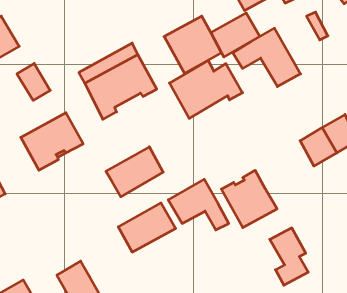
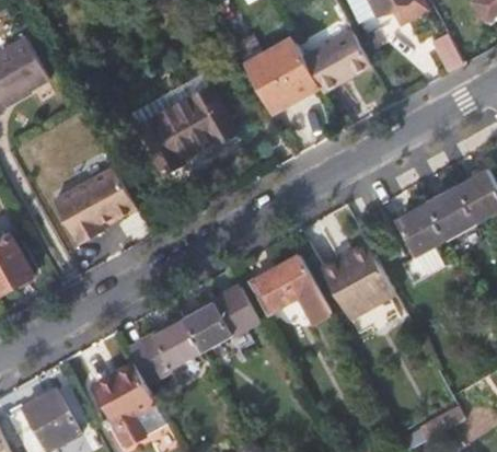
building: [233,28,301,87] -> none
building: [169,60,243,118] -> none
building: [17,63,50,100] -> none
building: [106,147,163,197] -> [125,318,201,385]
building: [270,228,308,285] -> [396,204,448,280]

